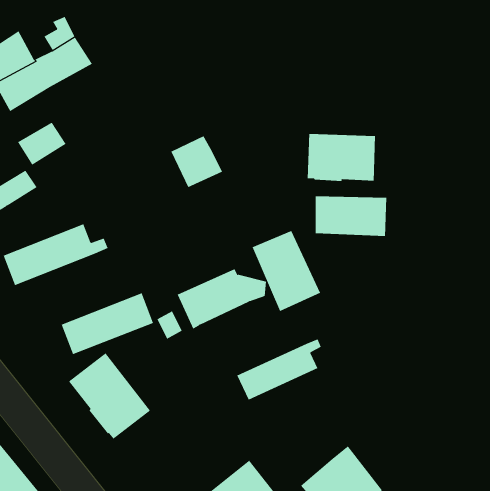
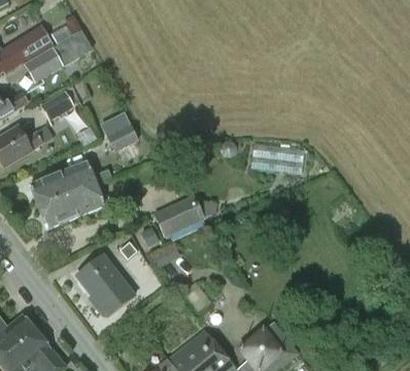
building: [307,133,376,182] -> none
building: [171,135,223,188] -> [102,114,139,151]
building: [252,230,321,312] -> none
building: [61,293,154,355] -> [38,183,104,228]
building: [236,339,322,401] -> none

